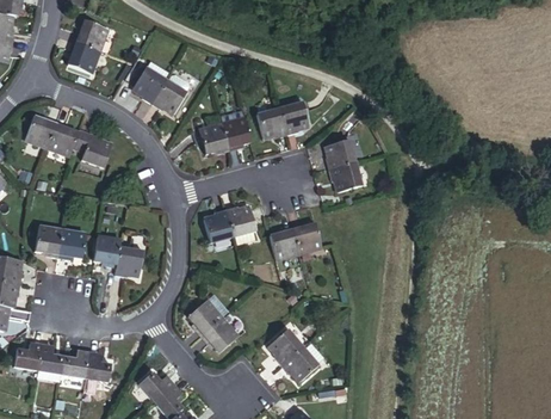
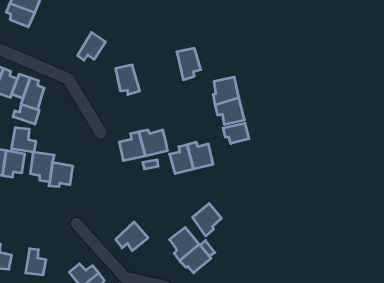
building: [131,62,168,105] -> none
building: [253,100,286,138] -> none
building: [221,109,254,150] -> none
building: none -> [13,104,39,124]
building: none -> [223,123,249,144]
building: none -> [12,127,36,152]
building: none -> [193,203,221,236]
building: [188,301,223,341] -> none
building: [62,352,88,384] -> none

